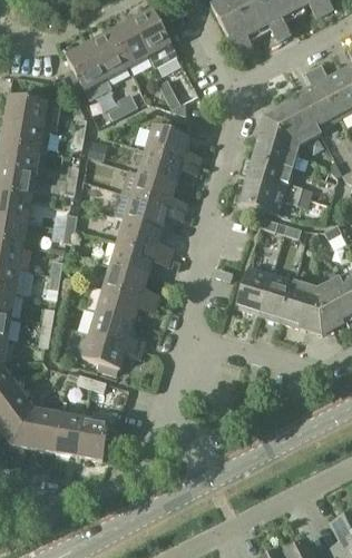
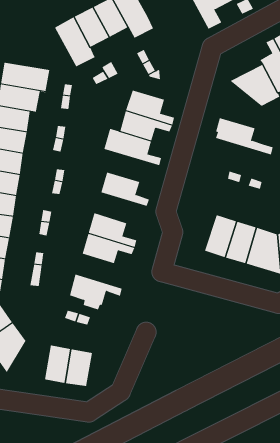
building: [252,115,300,168] -> none
building: [234,179,311,214] -> none
building: [115,192,185,228] -> none
building: [110,241,170,275] -> none
building: [89,310,145,349] -> none
building: [12,408,61,451] -> none

